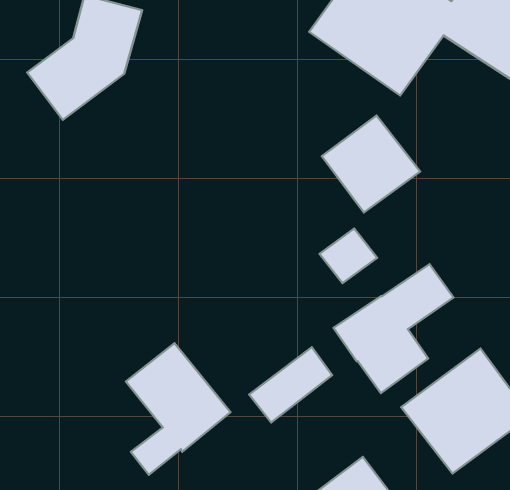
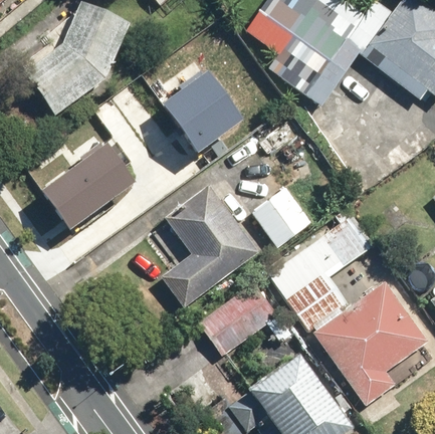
building: [322,115,420,212] -> [163,69,240,146]
building: none -> [45,141,138,224]
building: [126,343,231,475] -> [166,193,248,296]

